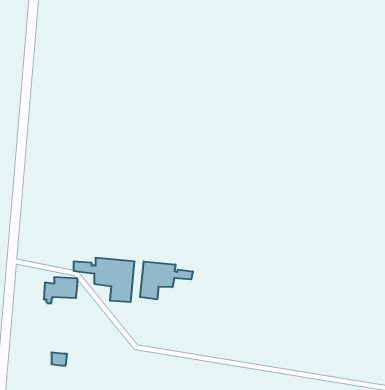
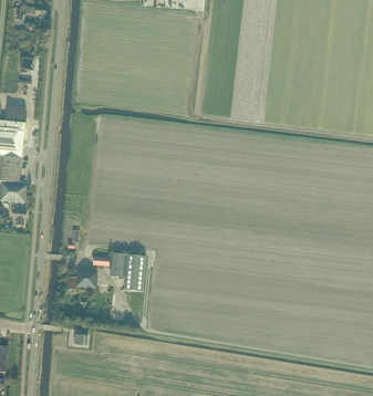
building: [140,261,193,299] -> none

